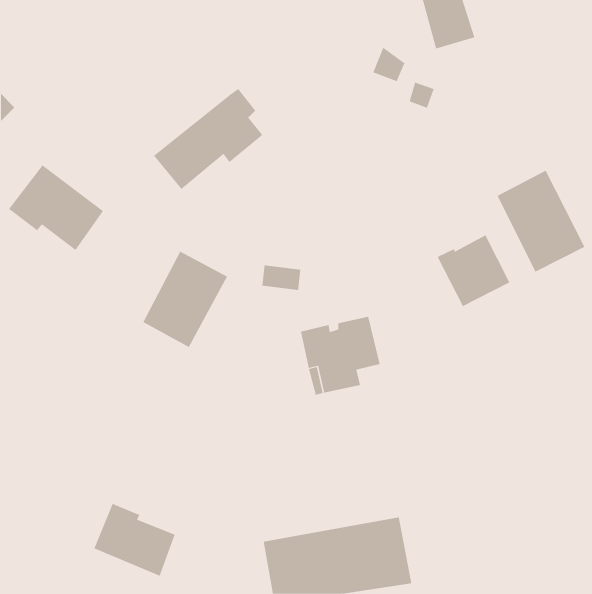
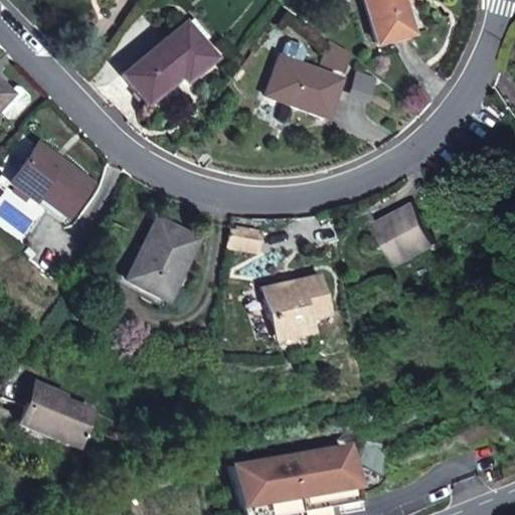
building: none -> [268,40,344,117]
building: [153,88,263,190] -> [124,16,218,104]
building: [497,170,585,273] -> none
building: [94,503,175,577] -> [19,382,90,446]

